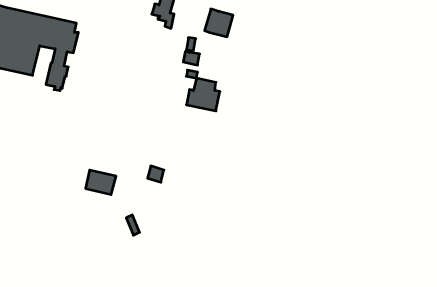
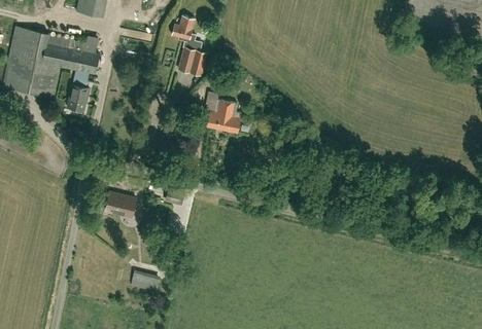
building: [205,9,233,37] -> [178,47,207,75]
building: none -> [131,270,160,291]

